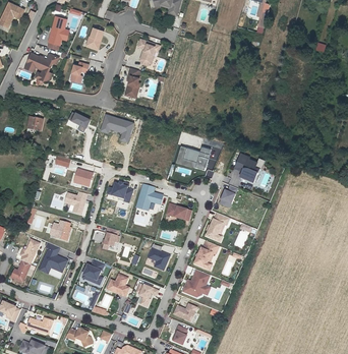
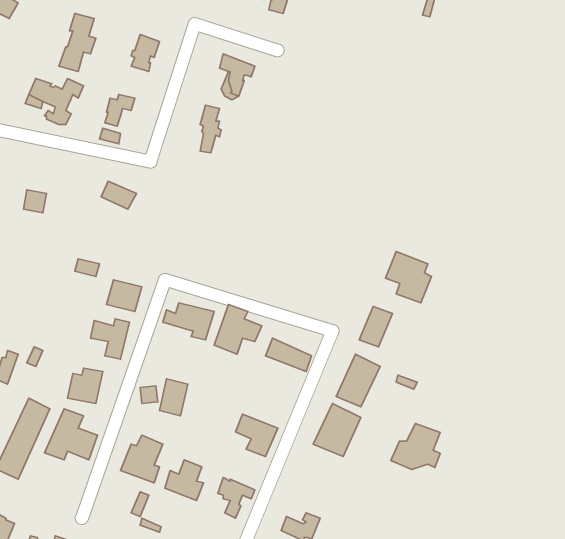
building: [100,113,134,142] -> none
building: [175,145,212,172] -> none
building: [182,270,211,296] -> [391,424,440,469]

